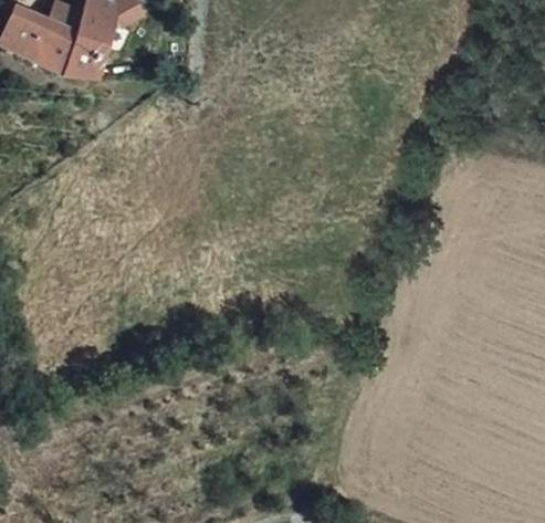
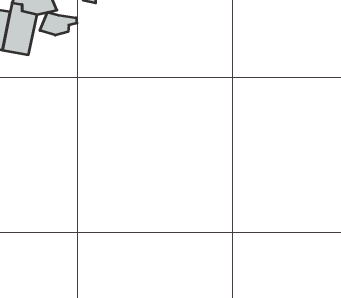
building: none -> [40,12,77,35]

